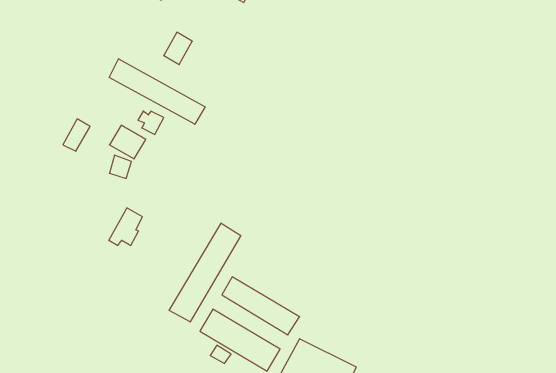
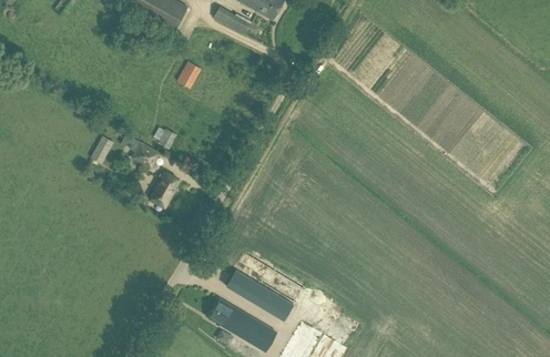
building: [109,59,205,124] -> none
building: [109,208,142,245] -> [149,171,177,203]
building: [169,223,241,322] -> none

